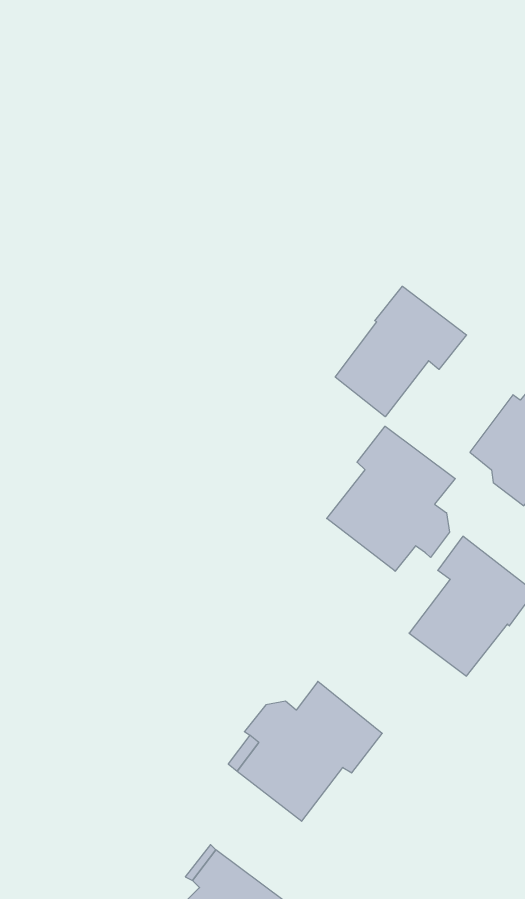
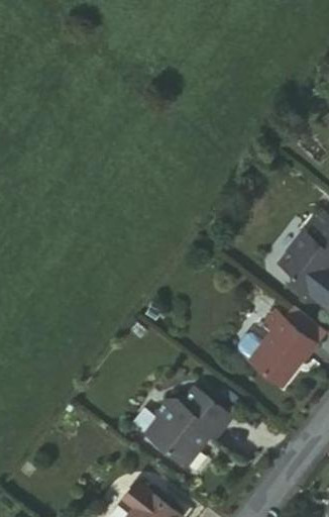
building: [335,286,467,417] -> none
building: [327,426,455,571] -> none

